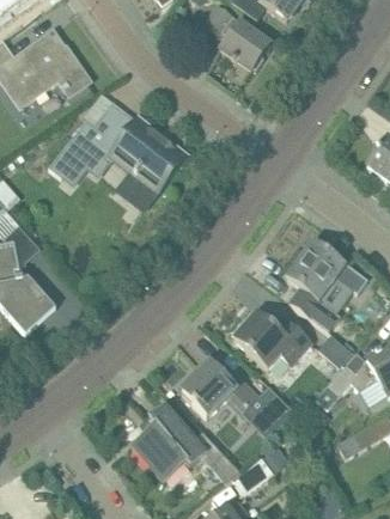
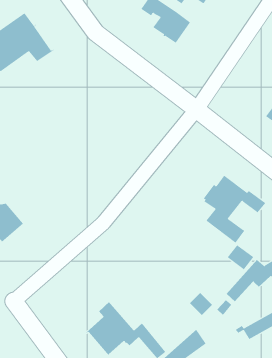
building: [49,98,184,227] -> none
building: [233,311,312,367] -> none
building: [183,361,261,416] -> none

